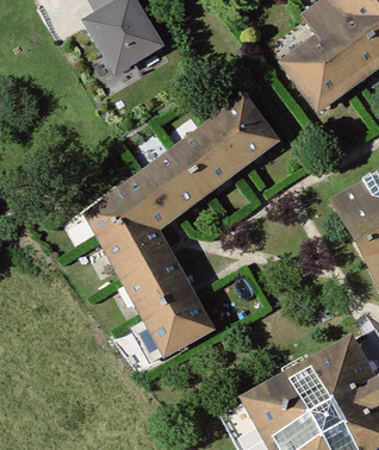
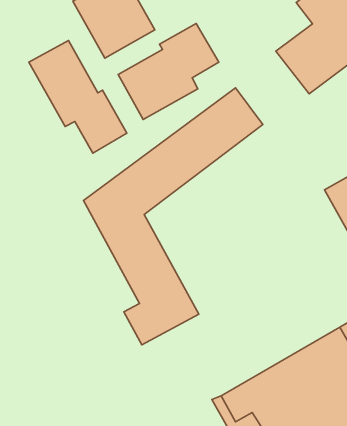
building: none -> [118,24,219,120]
building: none -> [29,41,127,153]

